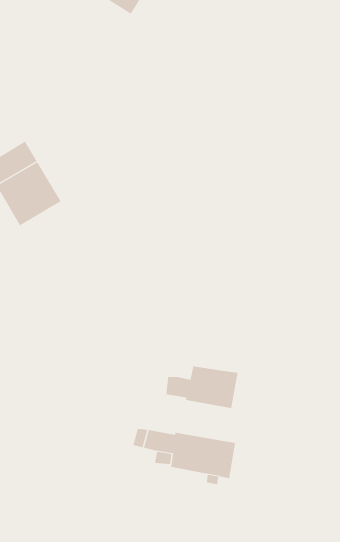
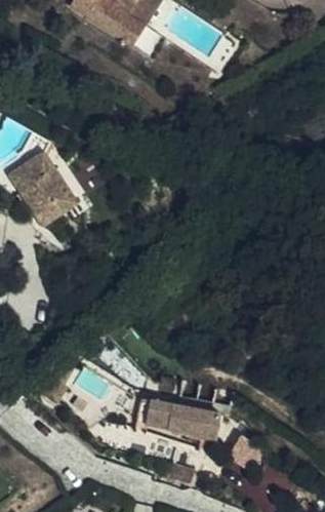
building: [166,366,238,409] -> none

